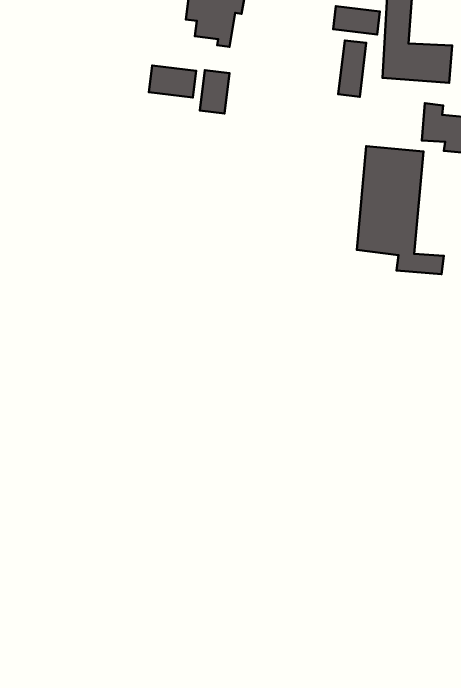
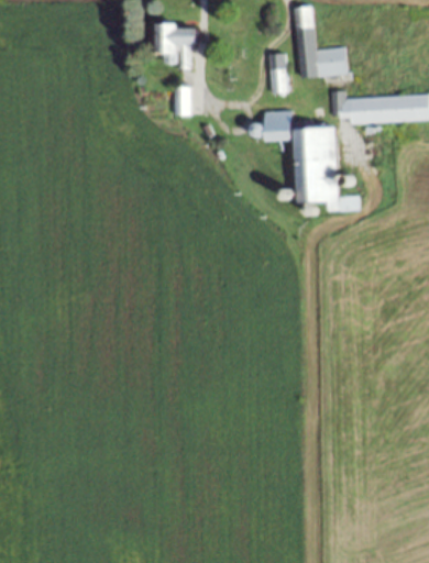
building: [333,6,380,34] -> none
building: [149,65,196,97] -> none
building: none -> [264,111,292,141]

